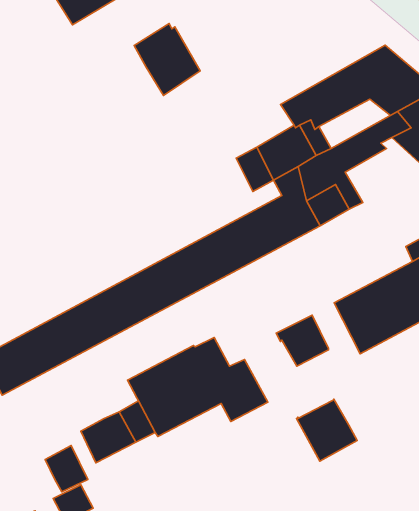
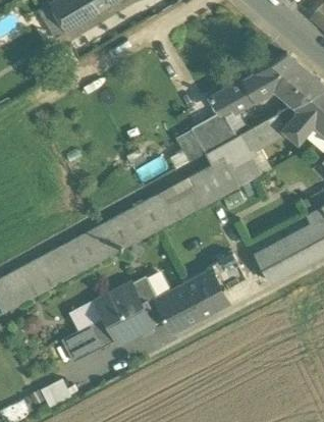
building: [134,24,200,96] -> none
building: none -> [70,303,104,331]
building: [297,399,357,461] -> [182,273,227,319]
building: [45,446,88,492] -> none

